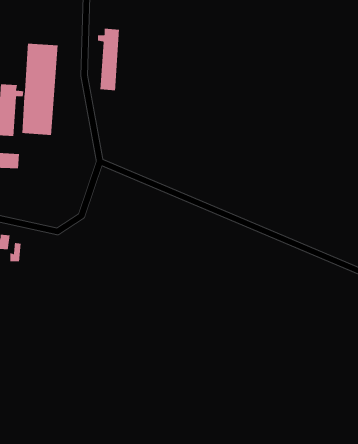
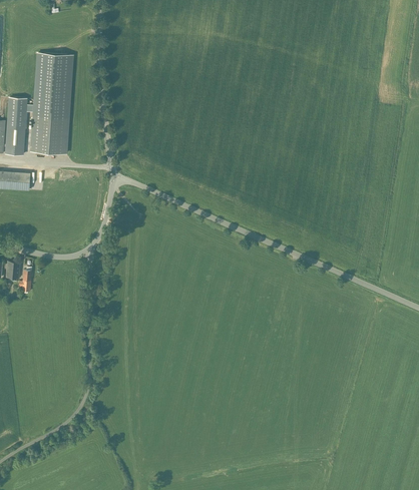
building: [97,28,120,91] -> none

